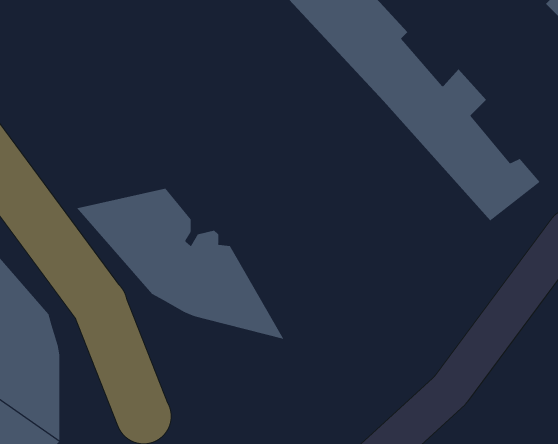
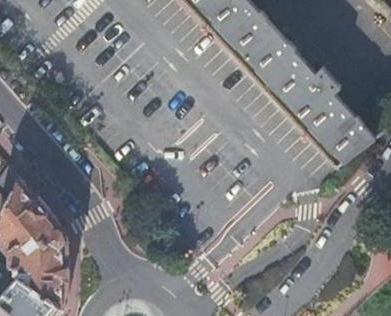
building: [76,188,284,340] -> none

